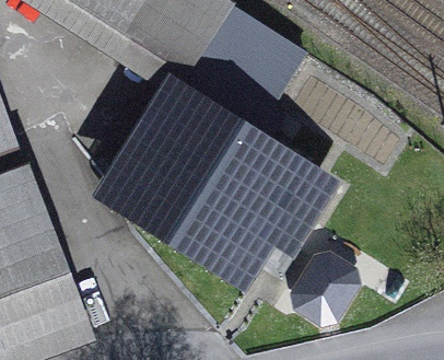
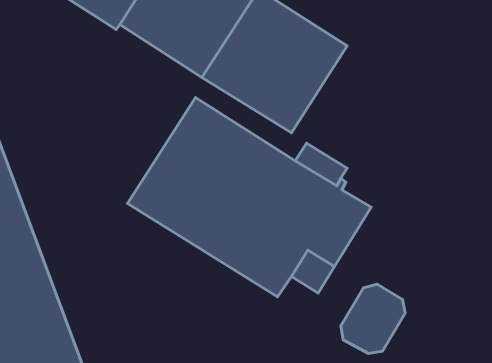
building: [94,89,247,284] -> none

